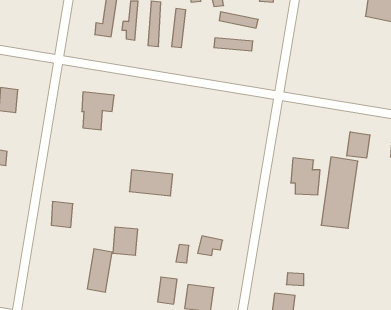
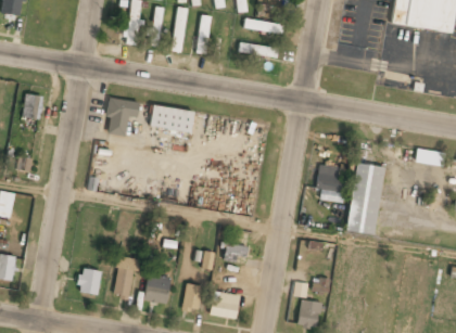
building: [347,132,370,158] -> none
building: [129,170,173,196] -> [151,105,194,131]
building: [51,202,73,227] -> [80,268,102,294]
building: [113,227,138,255] -> [145,274,170,303]

